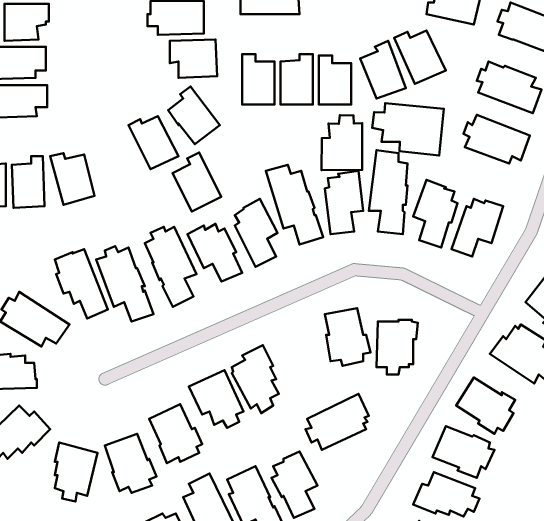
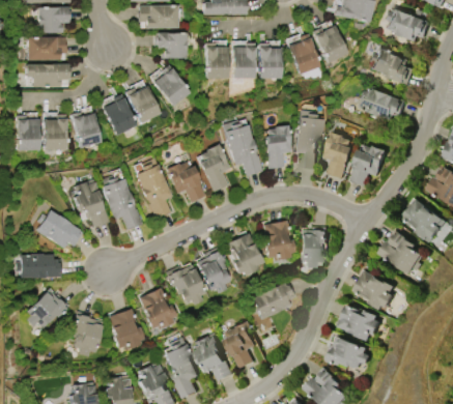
building: [372,103,444,156] -> none
building: [321,115,362,170] -> none
building: [172,152,221,212] -> [102,95,136,137]
building: none -> [226,233,263,277]

